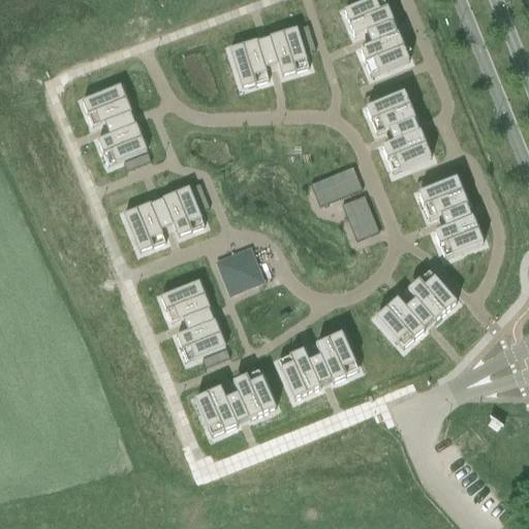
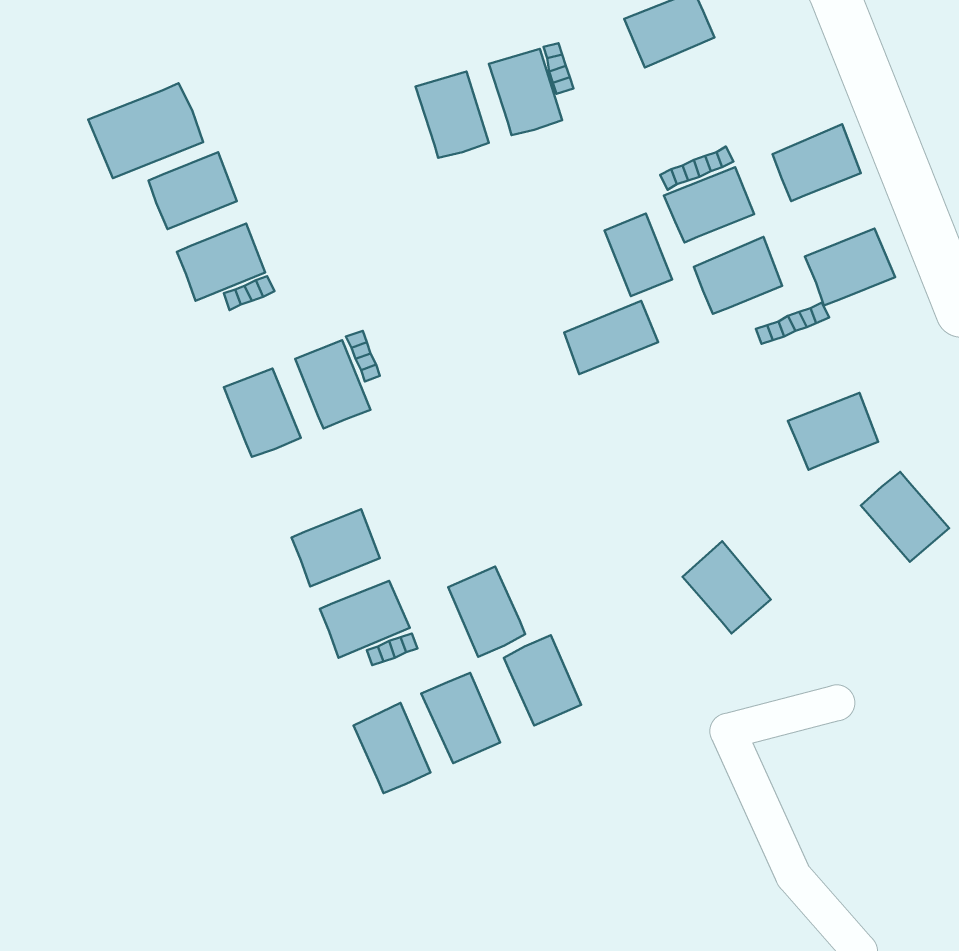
building: [361,33,409,75] -> [772,124,861,201]
building: none -> [88,83,203,178]
building: [418,177,468,219] -> [805,228,895,306]
building: [342,194,379,240] -> [604,214,672,296]
building: [218,249,262,293] -> none
building: [408,271,457,320] -> [861,472,949,562]
building: [316,333,359,382] -> [448,566,525,657]

